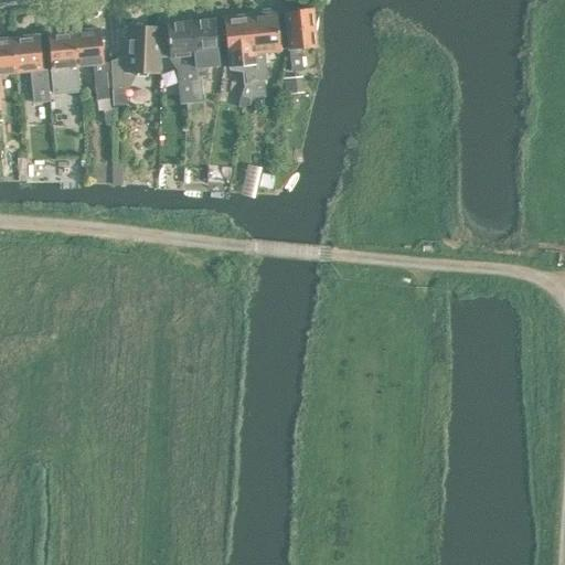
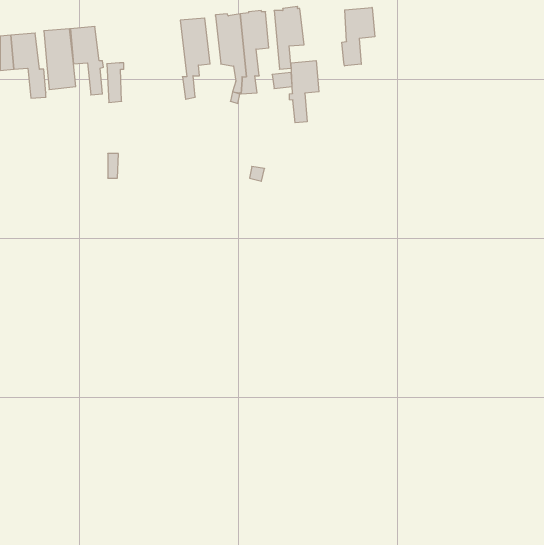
building: none -> [342,7,375,66]
building: [166,21,194,103] -> none
building: [129,24,160,72] -> none
building: none -> [289,61,319,123]

